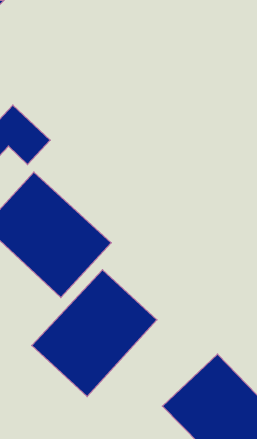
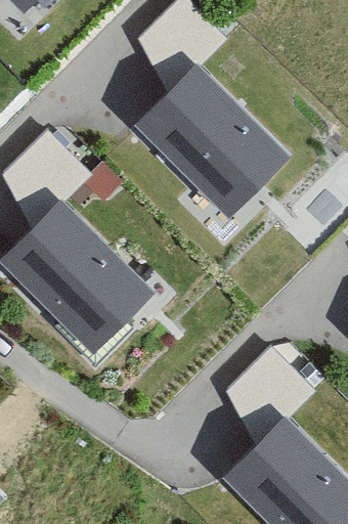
building: none -> [137,62,297,219]
building: [32,270,157,396] -> none

